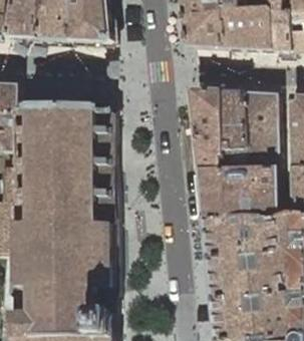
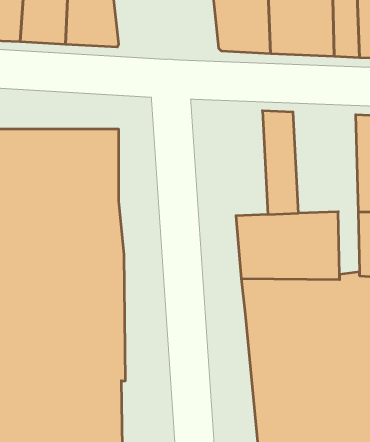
building: [192,89,224,169] -> none
building: [243,91,277,167] -> none

